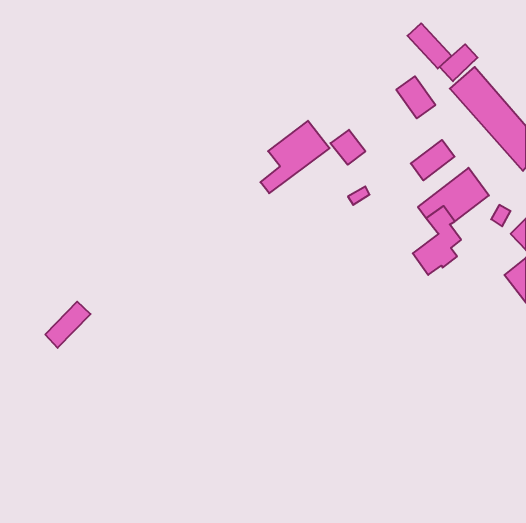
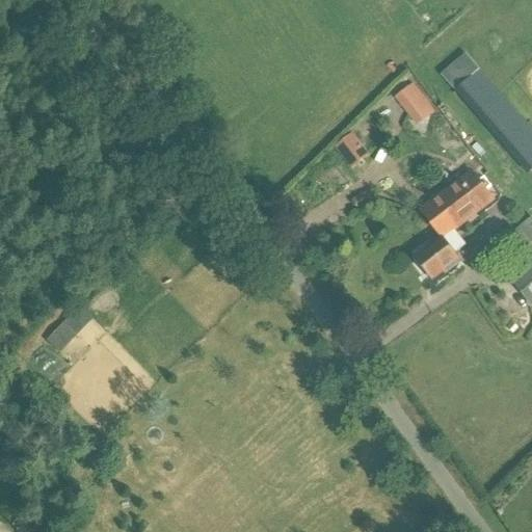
building: [407,23,452,69] -> none
building: [260,121,330,193] -> none
building: [411,140,455,180] -> none

